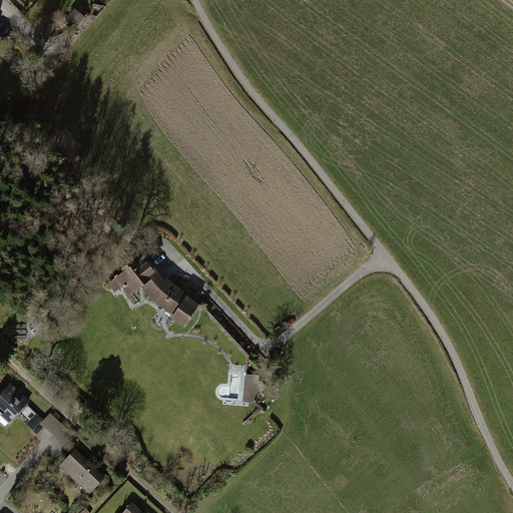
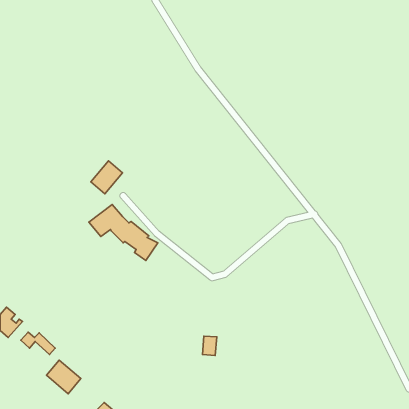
building: none -> [91,161,123,194]
building: [242,376,261,400] -> [202,336,217,355]

